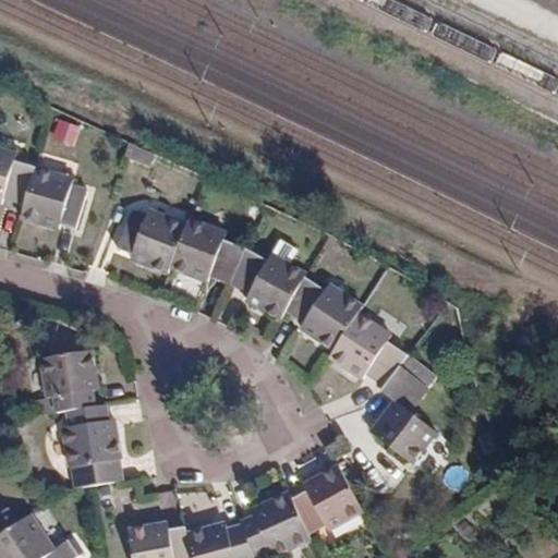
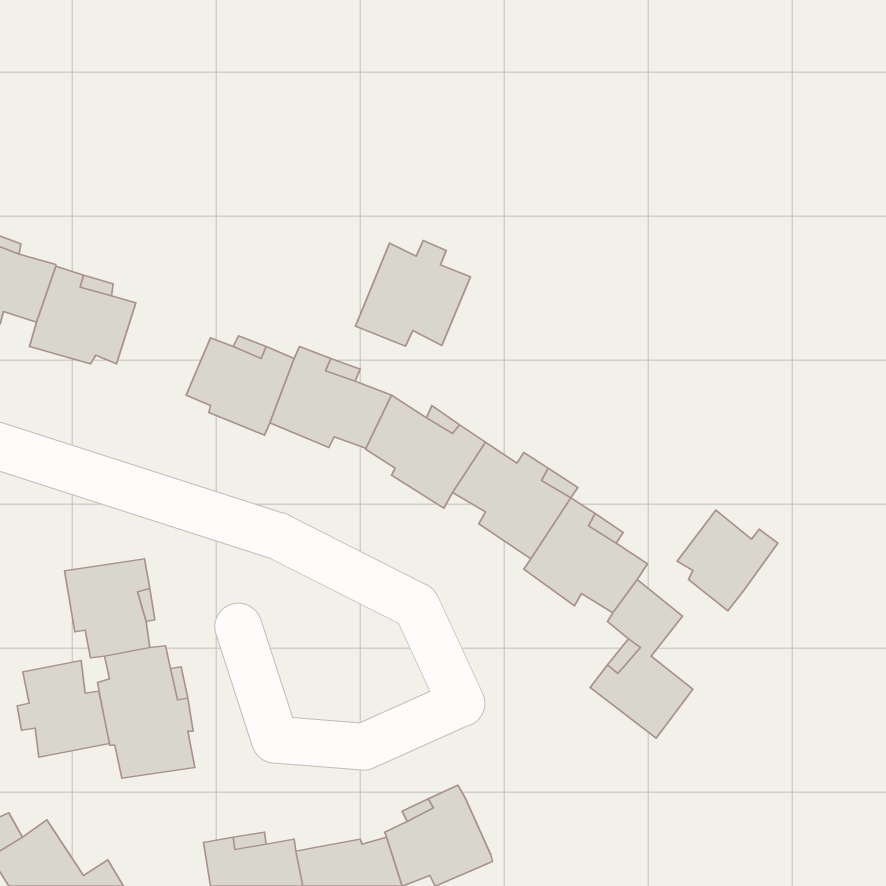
building: none -> [355,241,470,346]
building: none -> [677,510,778,611]
building: none -> [17,661,109,757]
building: [291,465,361,535] -> none

